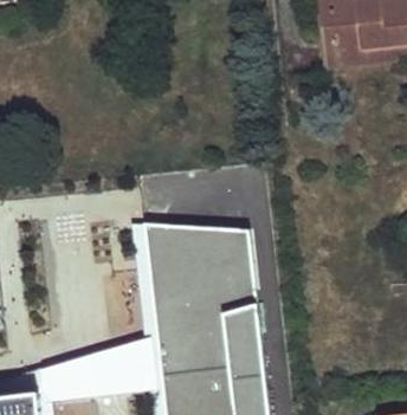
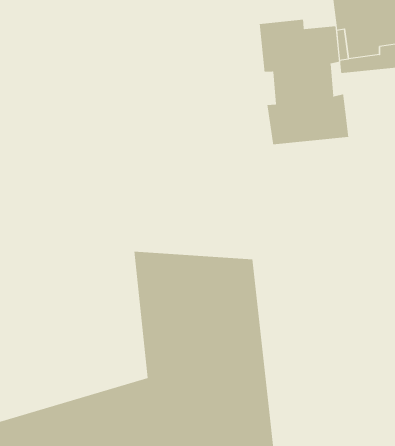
building: none -> [259,19,349,145]

